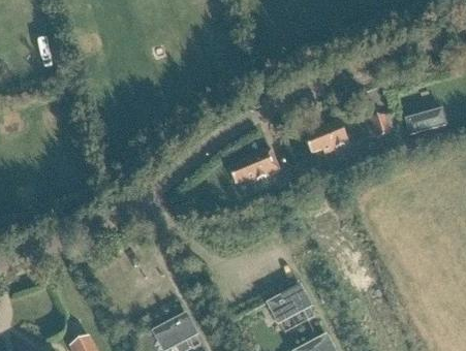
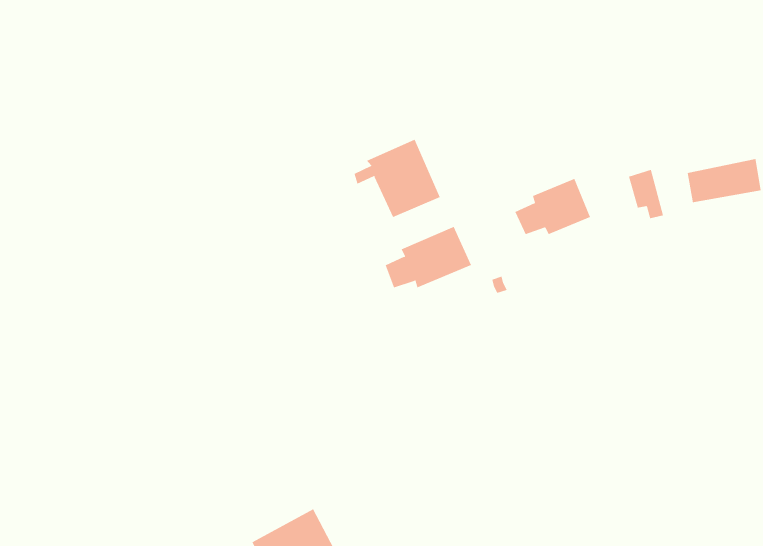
building: none -> [354,139,440,218]
building: [263,282,313,324] -> none

